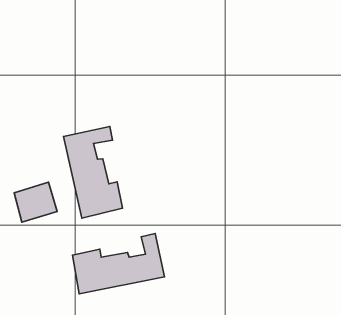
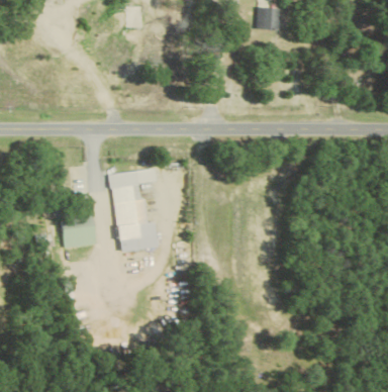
building: [73,234,164,294] -> none

